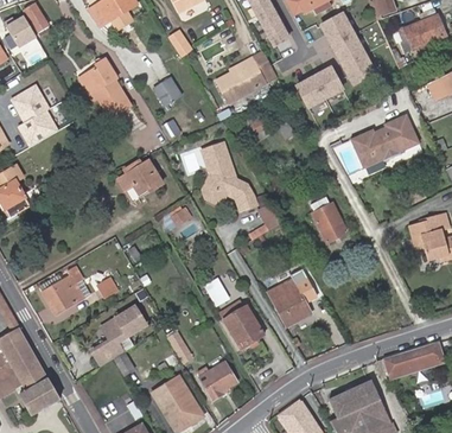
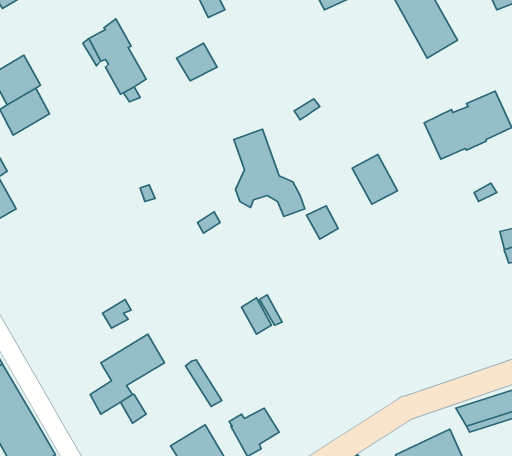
building: [216,49,275,101] -> none
building: [295,66,345,110] -> none
building: [129,159,163,192] -> none
building: [312,202,348,241] -> [352,154,398,204]
building: [45,266,84,312] -> none
building: [268,278,312,325] -> none
building: [221,300,265,346] -> none

